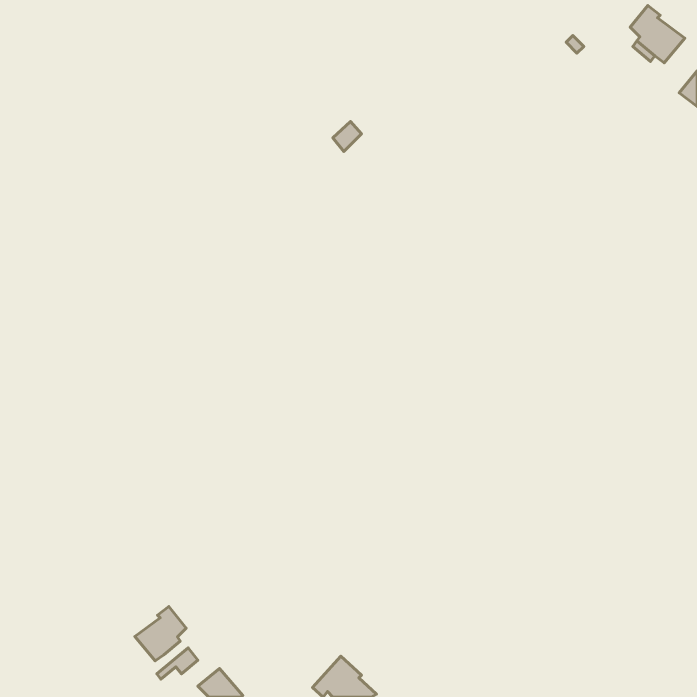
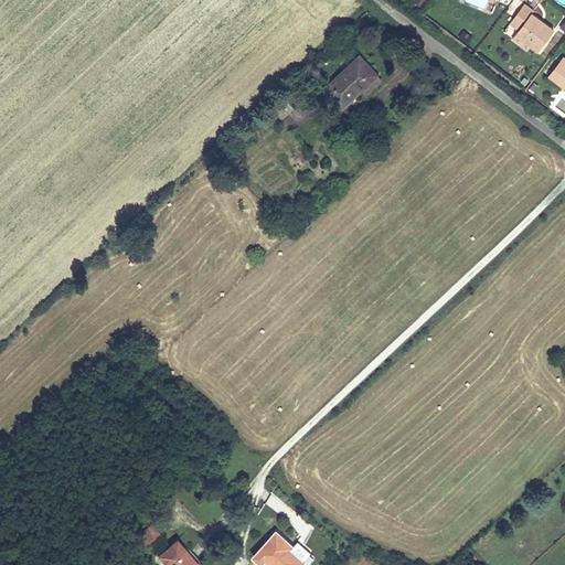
building: none -> [323,56,382,107]
building: [135,606,186,661] -> none

